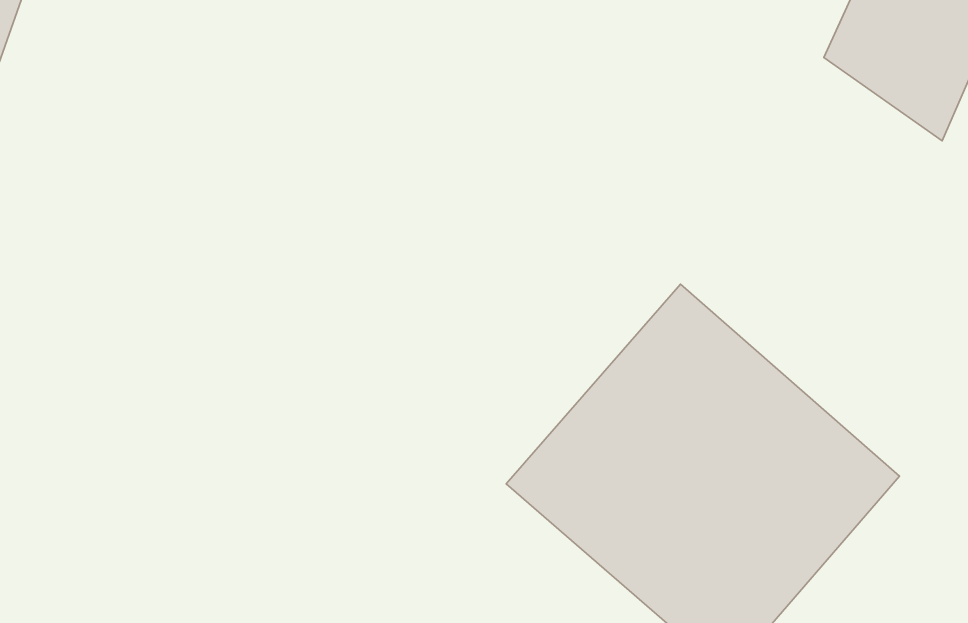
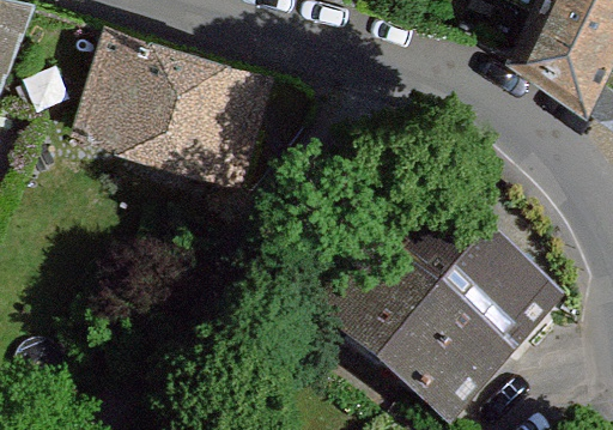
building: none -> [78,30,265,186]

